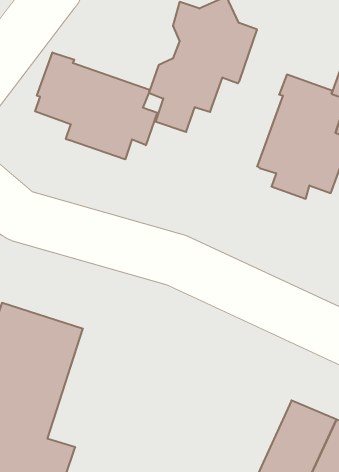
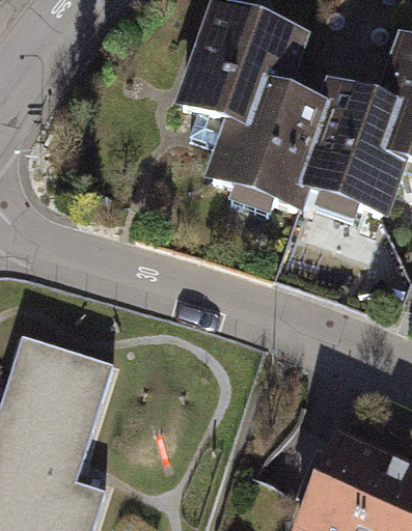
building: [35,52,157,159] -> none
building: none -> [214,90,330,217]

